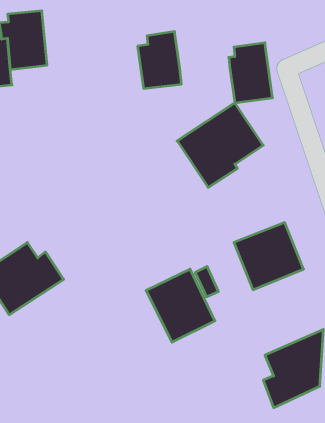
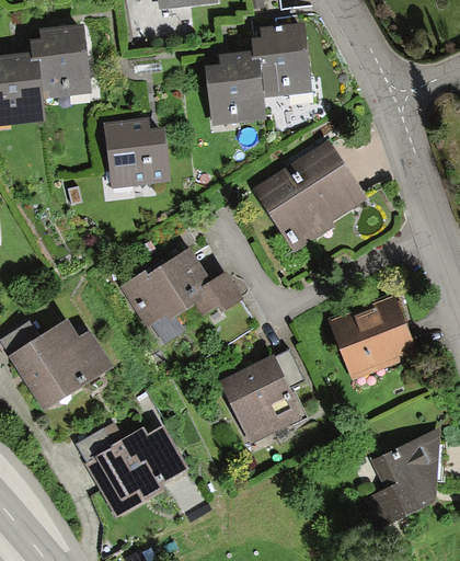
building: [229,43,273,103] -> [252,21,308,98]
building: none -> [103,117,169,185]
building: none -> [116,244,243,332]
building: none -> [73,424,187,517]

